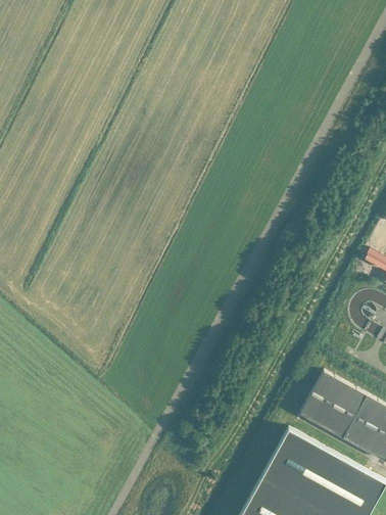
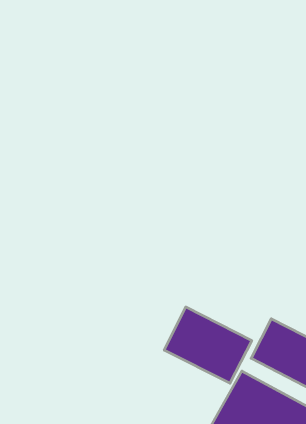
building: none -> [164,307,252,383]

